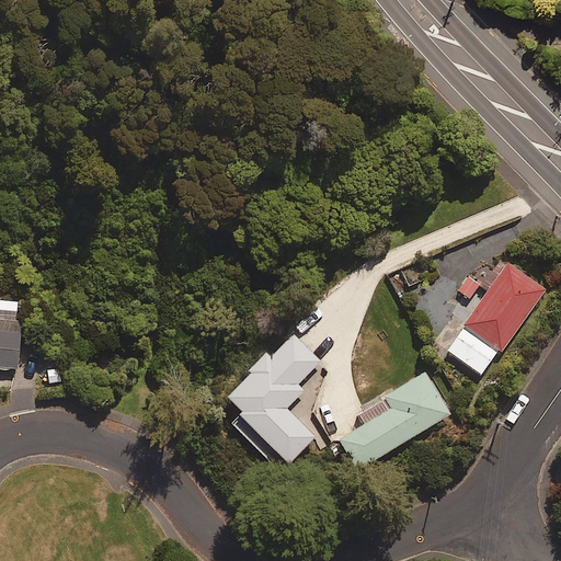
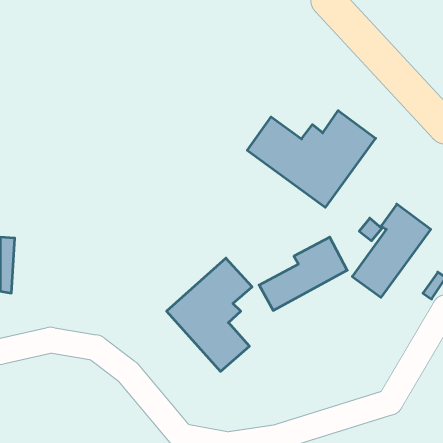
building: none -> [247,111,376,207]
building: [339,375,449,467] -> [259,237,347,310]

